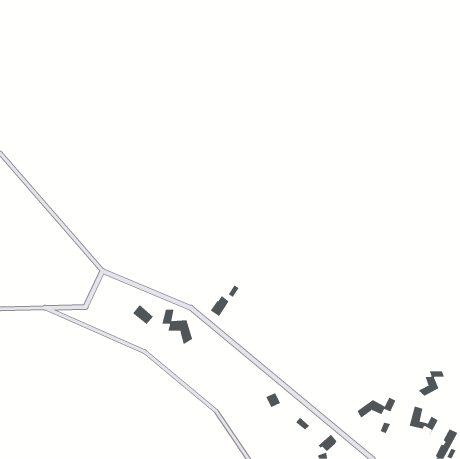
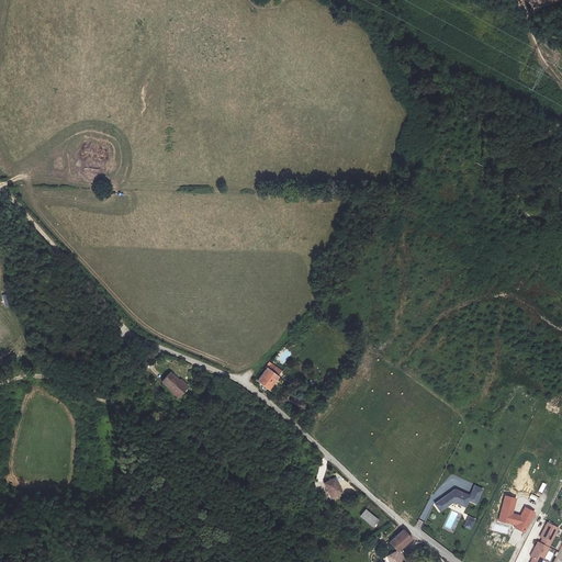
building: [162,309,193,345] -> none
building: [418,370,445,397] -> none

